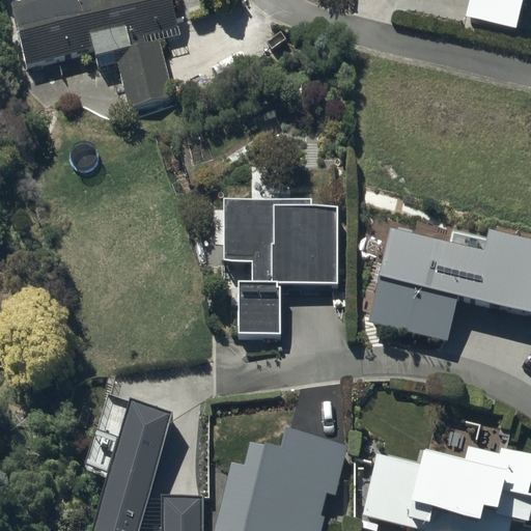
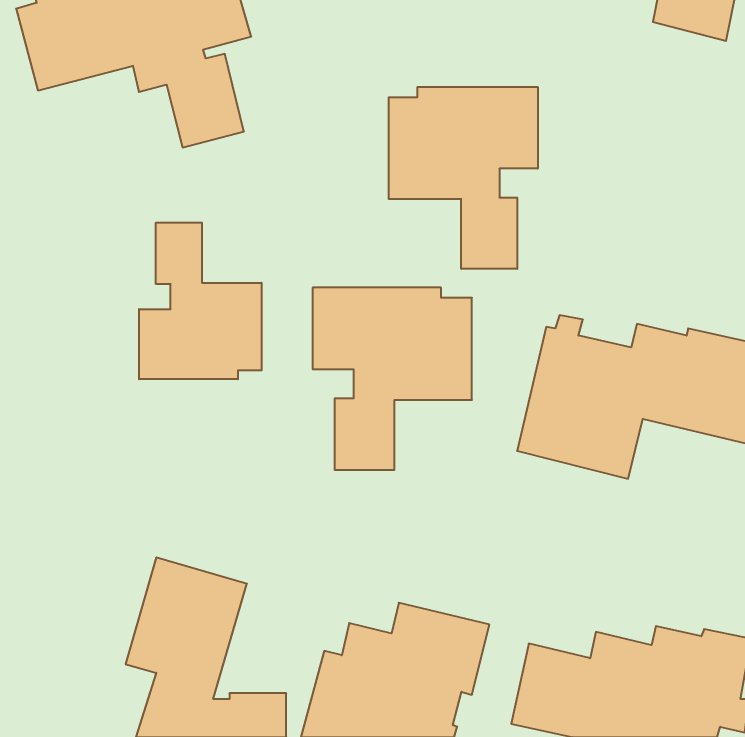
building: none -> [389,87,538,269]
building: none -> [139,223,262,379]

